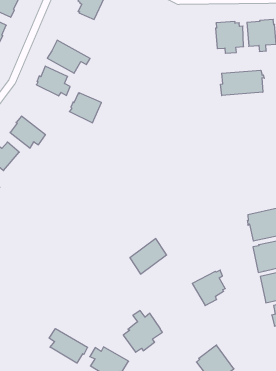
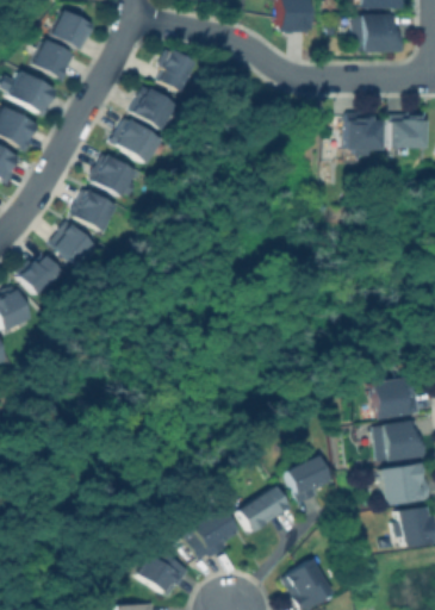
building: none -> [129,88,178,136]
building: [221,70,264,96] -> none
building: [69,93,101,123] -> [70,189,116,232]
building: [130,239,167,274] -> [238,486,290,534]
building: [49,329,88,363] -> none

